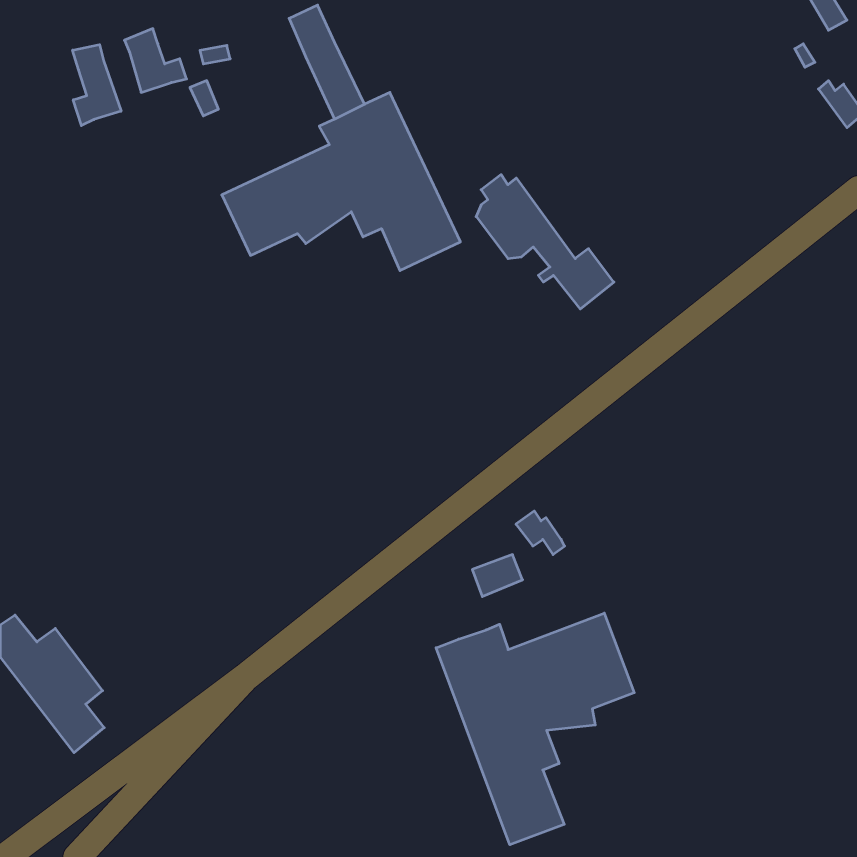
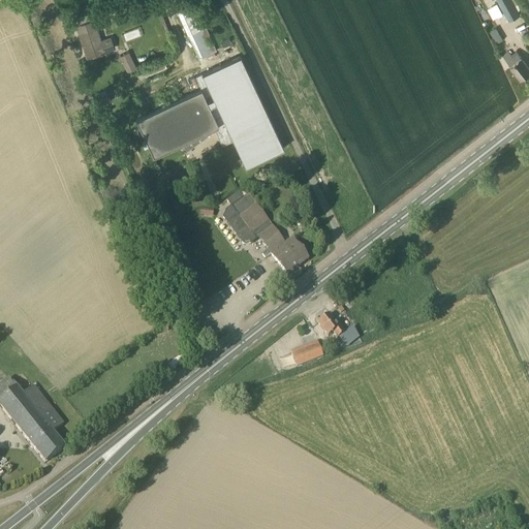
building: [73,45,121,126] -> none
building: [476,175,614,309] -> [224,192,309,275]
building: [436,613,634,845] -> none

